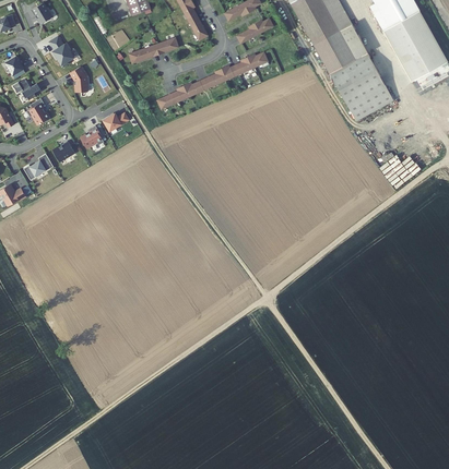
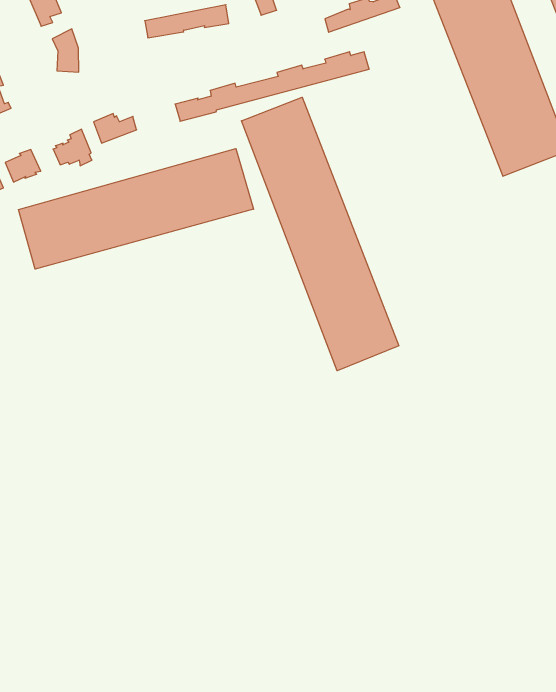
building: none -> [241,97,399,371]
building: none -> [18,149,254,269]

